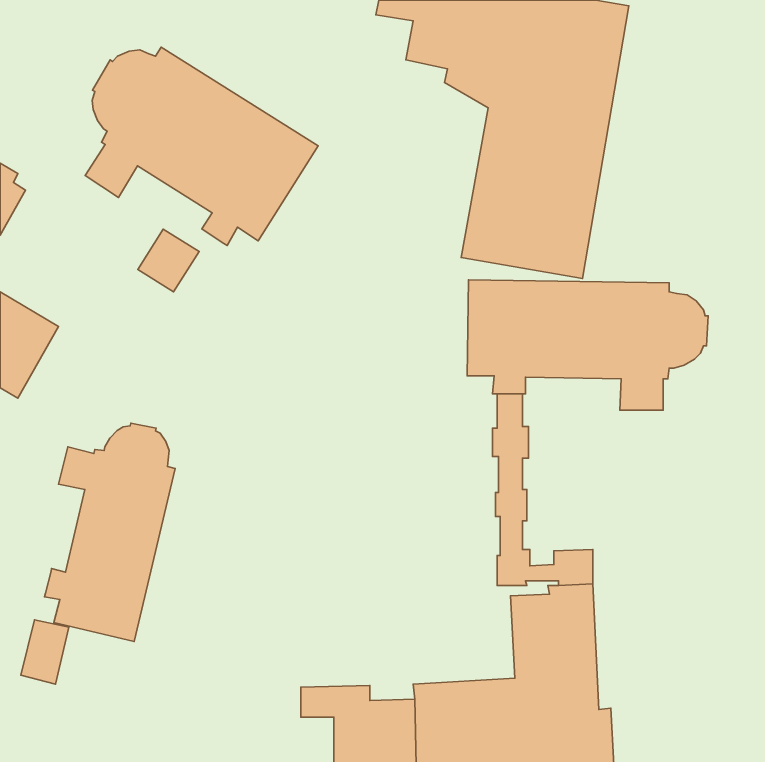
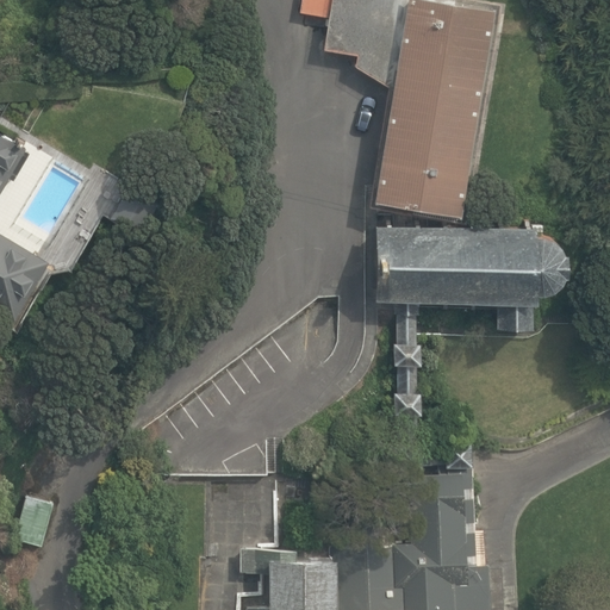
building: [85,47,318,246] -> none
building: [45,423,175,641] -> none

